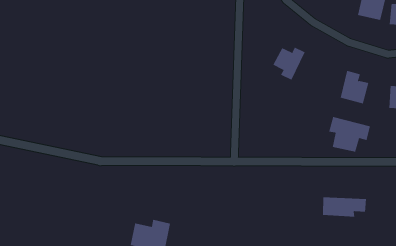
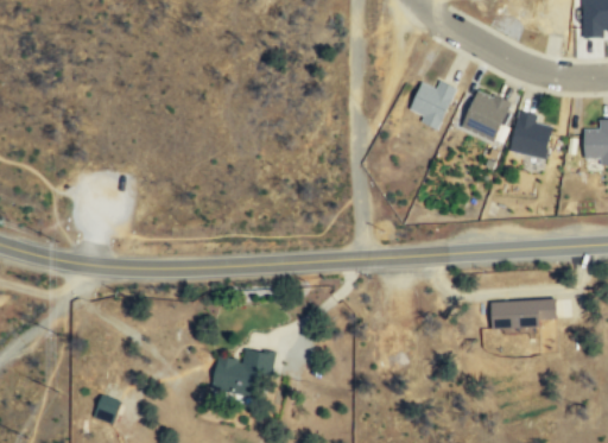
building: none -> [461,89,511,141]
building: [329,116,370,153] -> none

